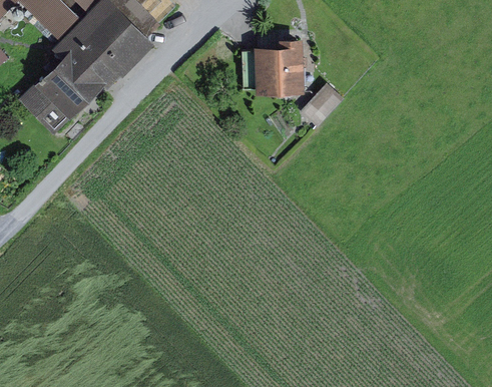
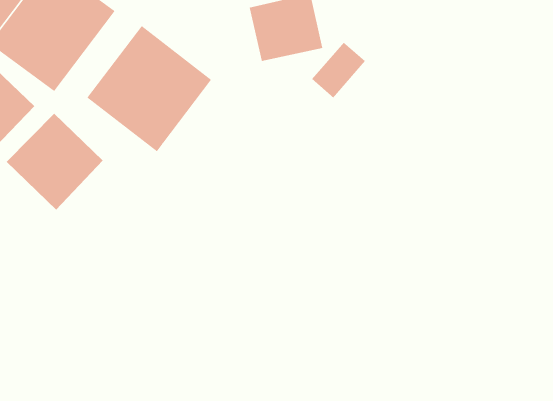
building: none -> [87,25,212,152]
building: none -> [6,113,103,210]

